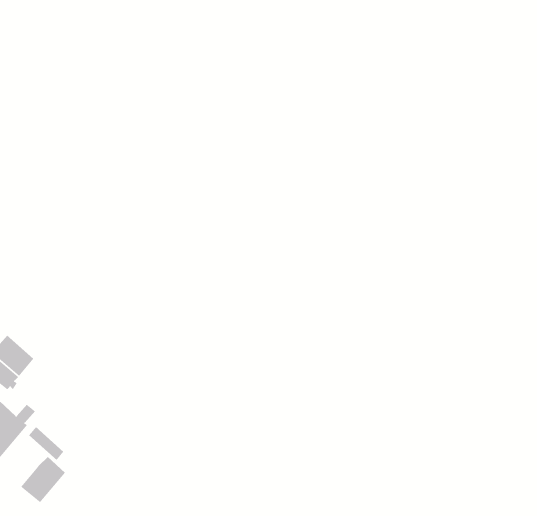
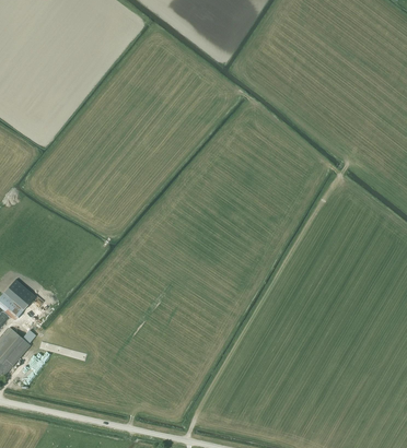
building: [20,456,66,503] -> none

